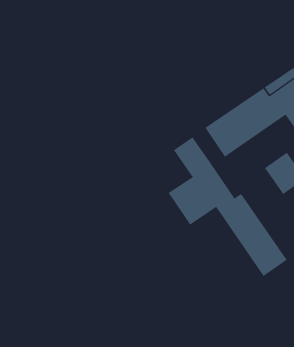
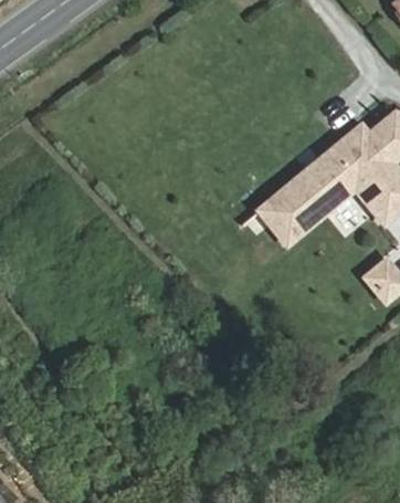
building: [168,137,288,277] -> none

